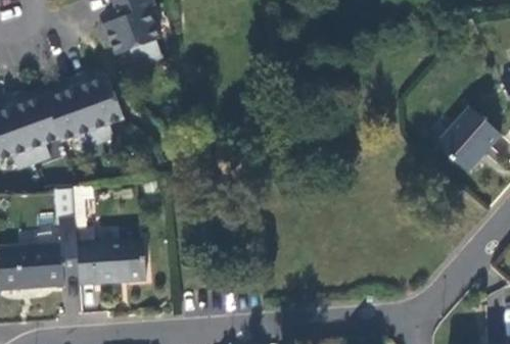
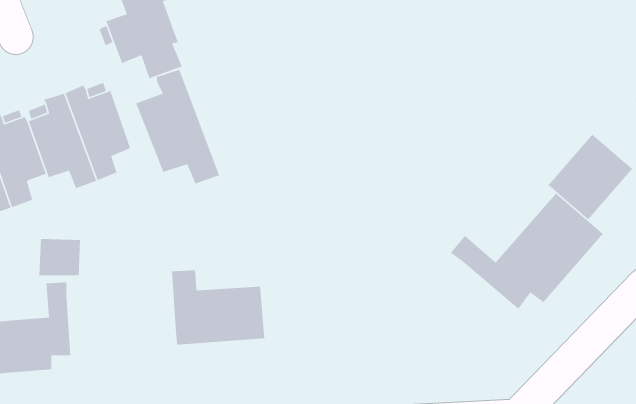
building: none -> [135,69,220,184]
building: none -> [450,192,604,310]
building: [76,228,146,285] -> [171,270,265,346]

